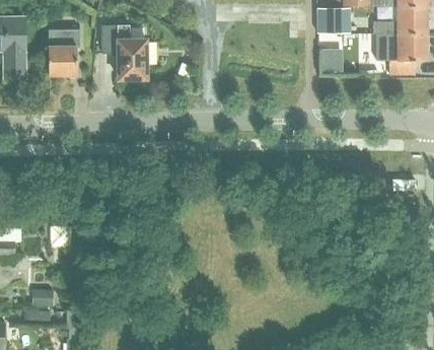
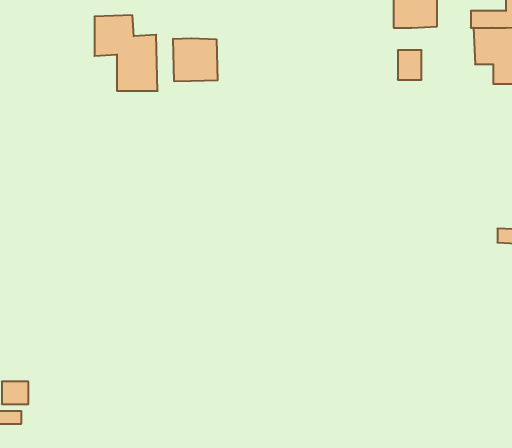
building: [49,29,80,75] -> none
building: none -> [173,38,217,81]

